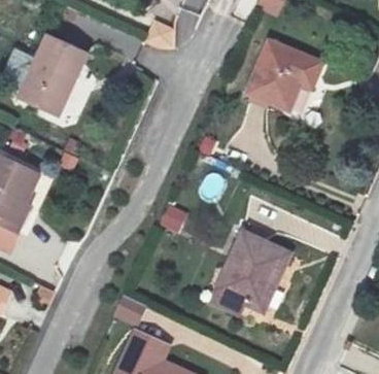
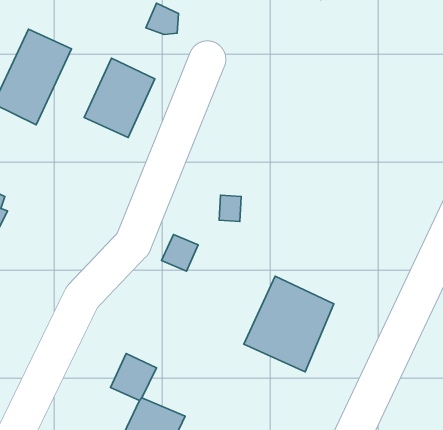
building: [249,38,311,106] -> none
building: none -> [84,58,155,137]

